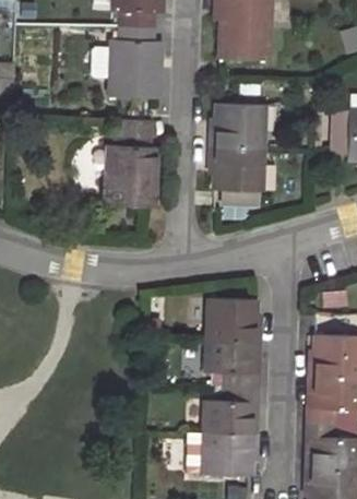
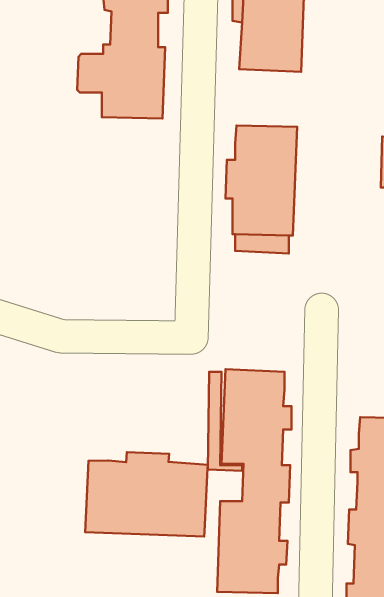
building: [107,119,158,206] -> none
building: none -> [85,452,208,536]

